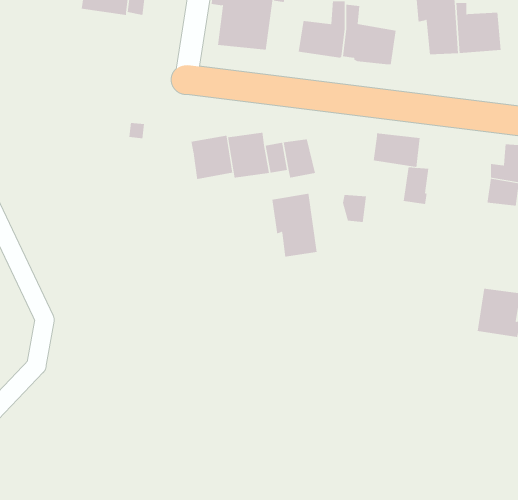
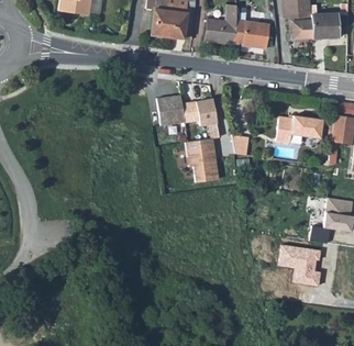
building: [373,133,420,167] -> [290,115,322,138]
building: [191,135,233,180] -> none
building: none -> [280,245,323,286]

